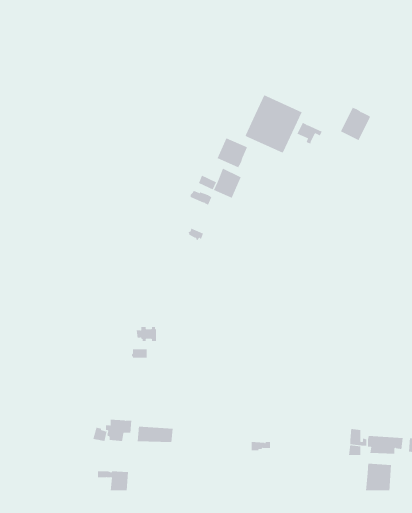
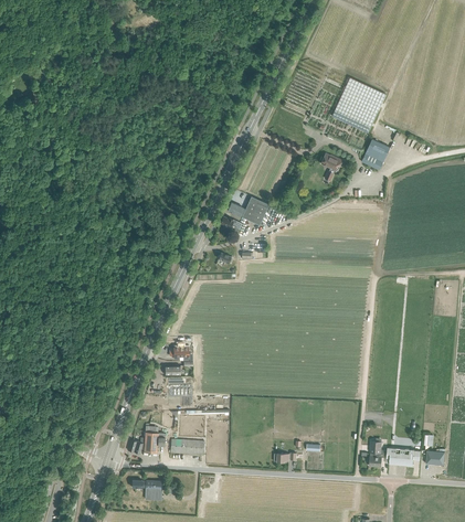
building: [245,95,302,153] -> [332,77,387,132]
building: [217,137,248,169] -> none
building: [366,463,392,491] -> none

